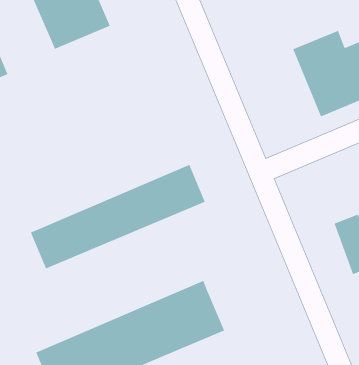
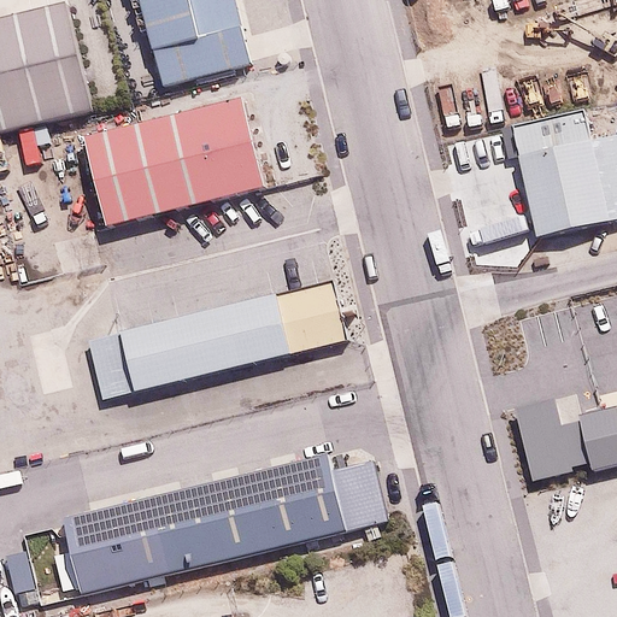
building: none -> [81,96,264,224]
building: none -> [329,456,388,529]

